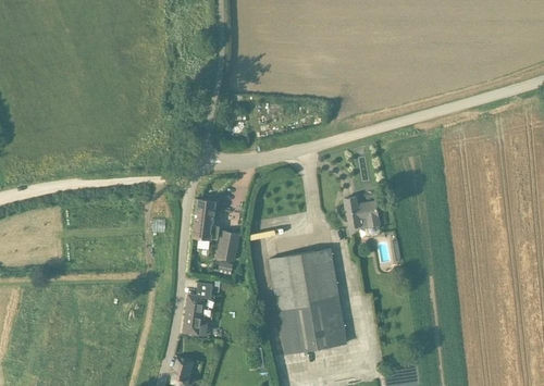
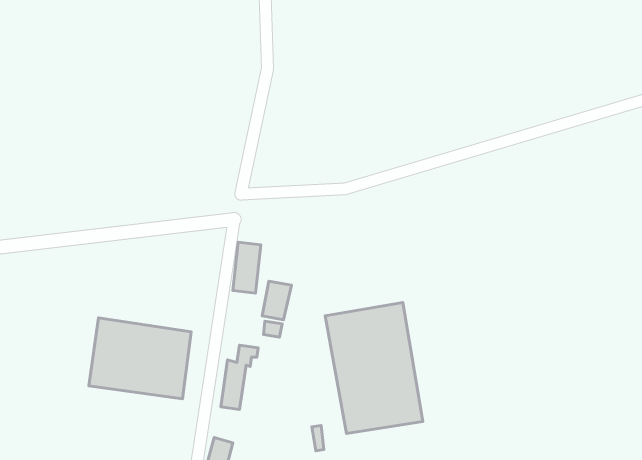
building: [345,198,381,228] -> none
building: none -> [89,318,191,399]

